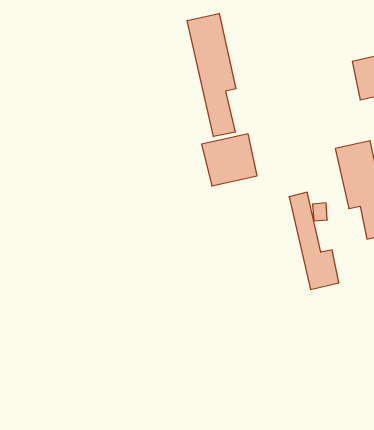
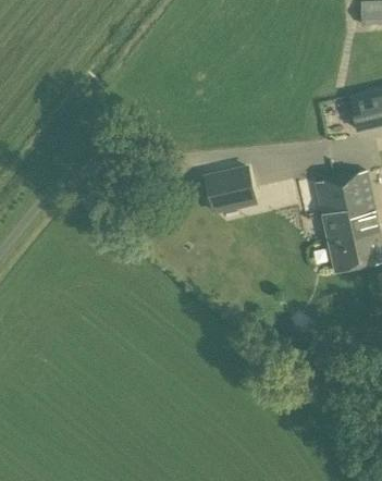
building: [187,13,236,137] -> none
building: [289,192,339,290] -> [313,178,361,272]

